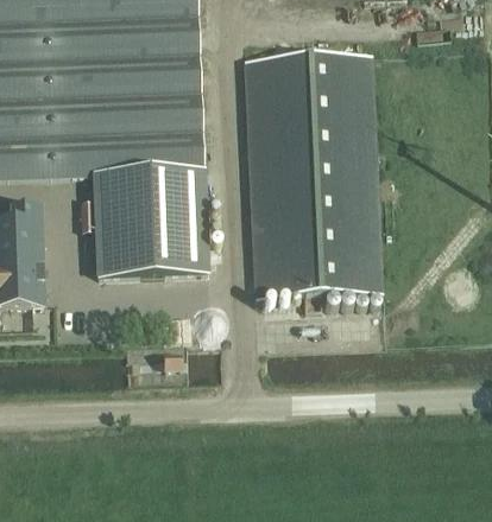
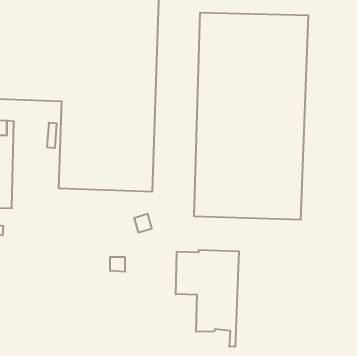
building: none -> [176,250,239,347]

